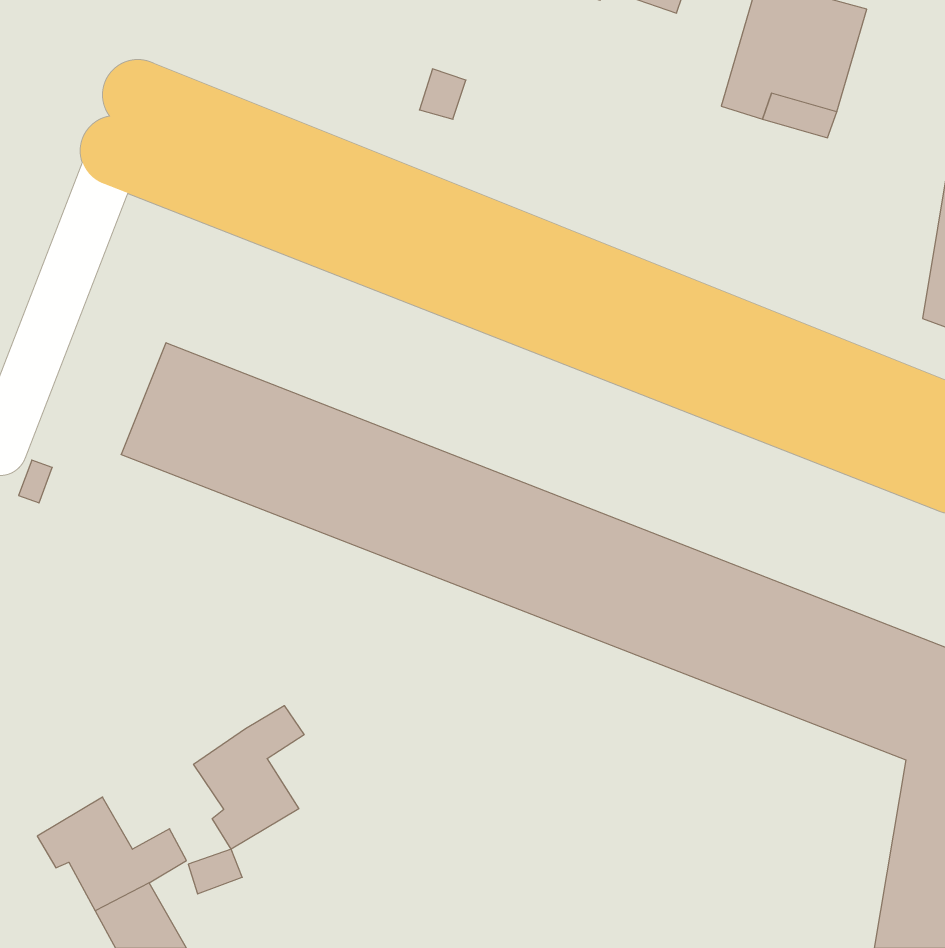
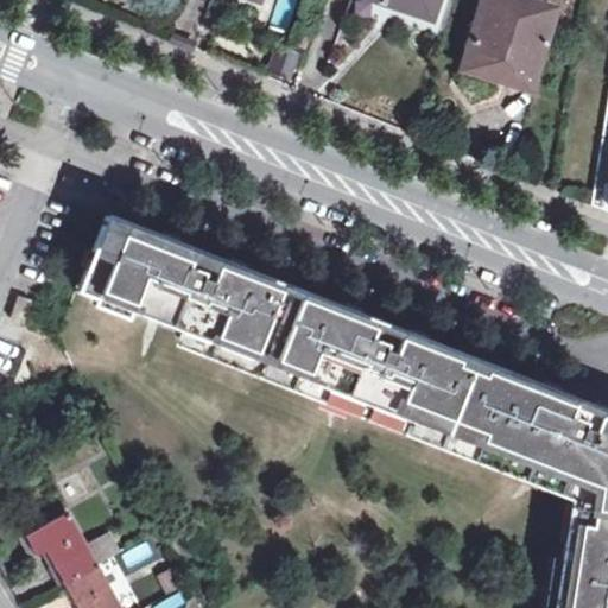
building: [194,706,304,849] -> none

